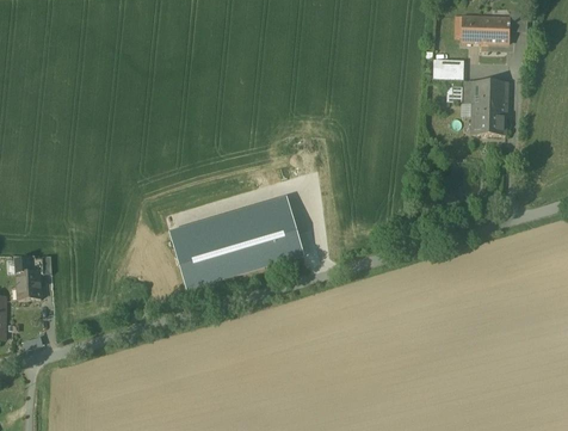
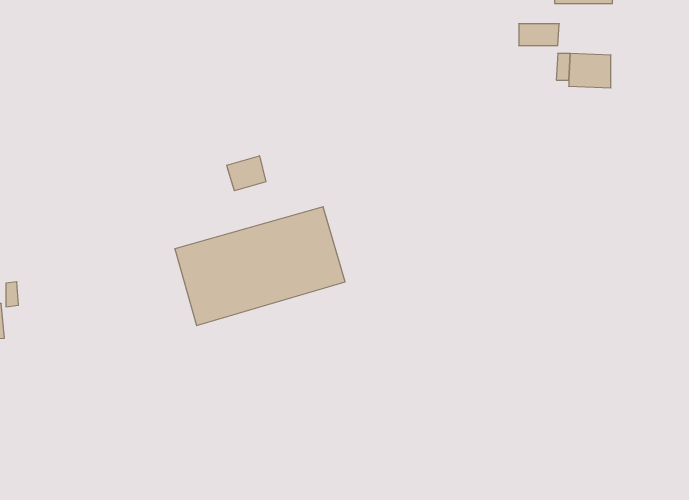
building: [471,105,505,134] -> none
building: none -> [227,156,266,191]

